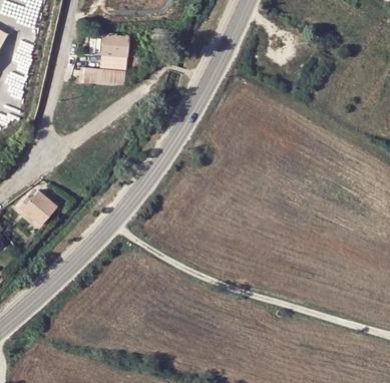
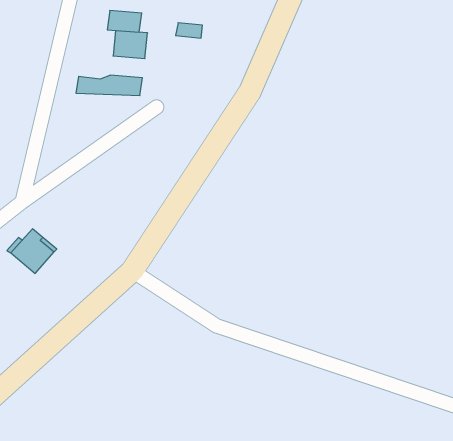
building: [98,54,125,71] -> [107,11,142,32]

